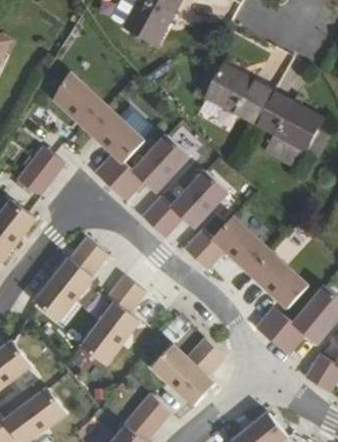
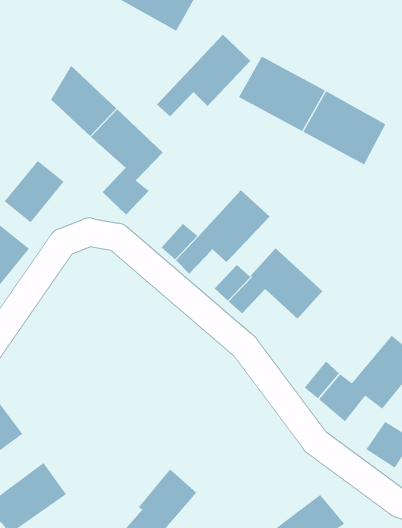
building: [114,135,190,201] -> [156,34,251,117]
building: [35,237,108,322] -> none
building: [250,251,308,308] -> none
building: [81,275,145,364] -> none
building: [152,337,225,405] -> none

